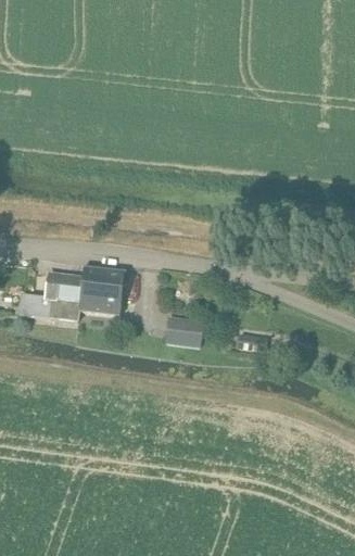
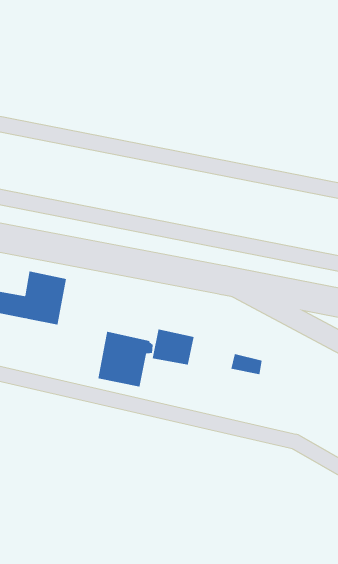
building: [79,266,127,314] -> [98,331,154,387]

